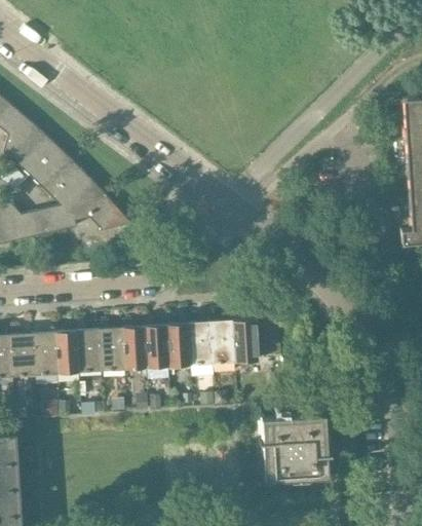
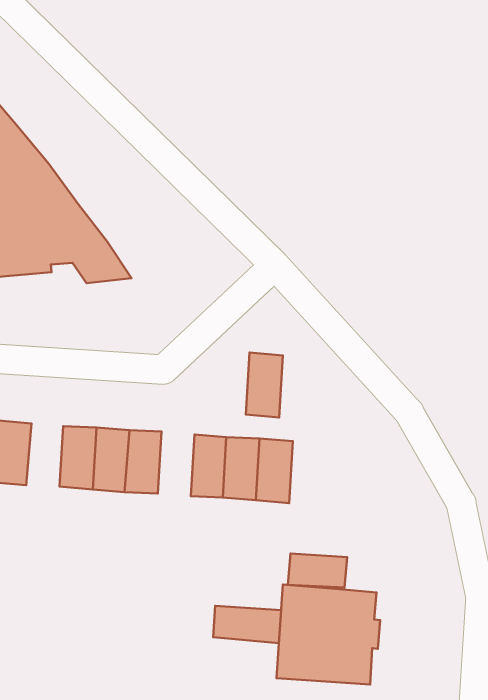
building: [165,325,191,368] -> [246,353,283,417]
building: [77,331,102,374] -> none
building: none -> [288,553,347,587]
building: none -> [213,606,281,643]

